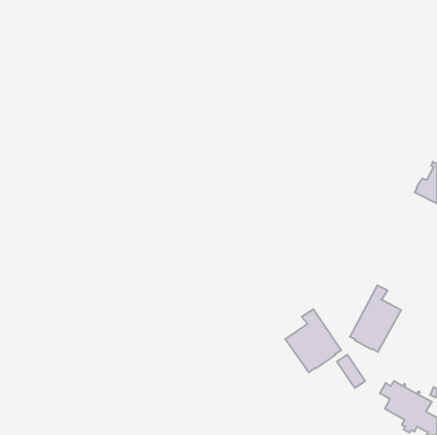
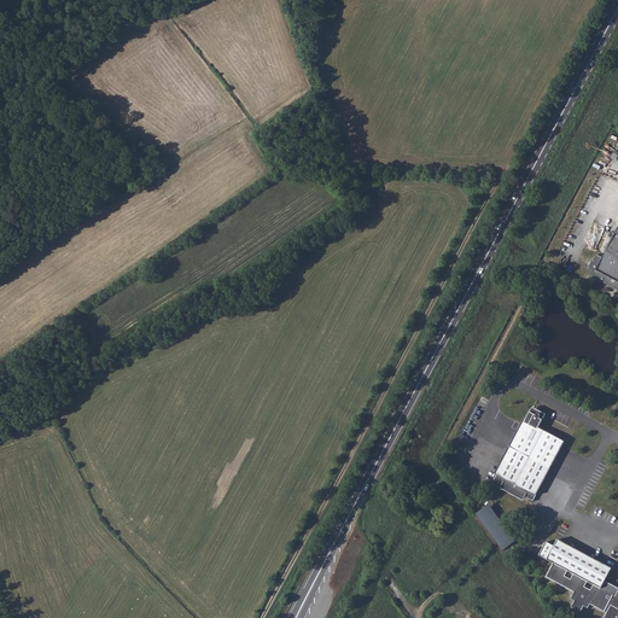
building: [285,309,341,373] -> none

